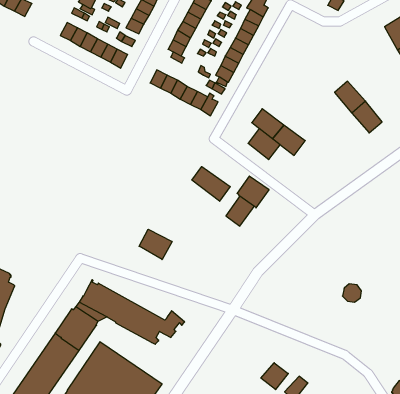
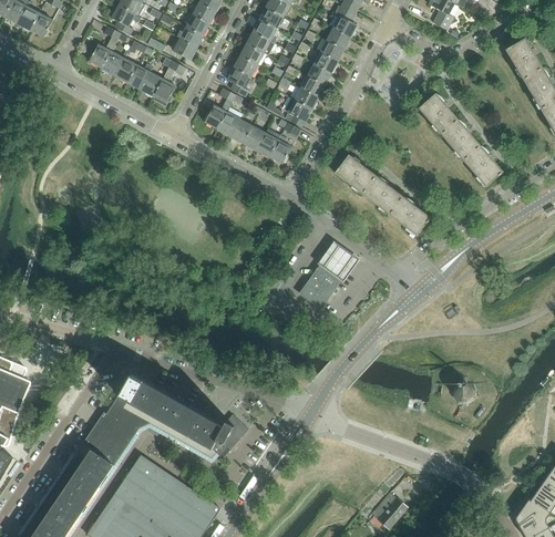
building: none -> [418,93,458,134]
building: [248,129,280,160] -> [389,196,430,236]
building: [192,167,230,201] -> none
building: [139,229,172,260] -> none
building: [261,363,288,390] -> none

